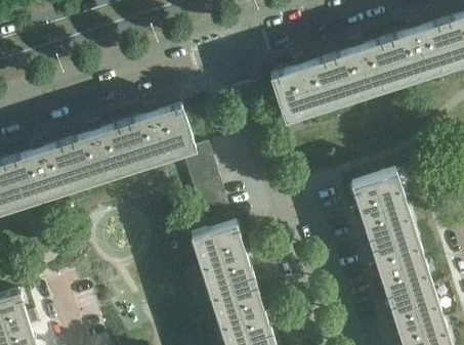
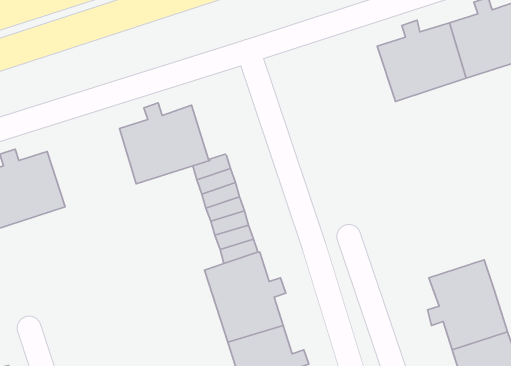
building: [270,58,343,123] -> none
building: [67,124,137,188] -> none
building: [350,173,414,245] -> none

